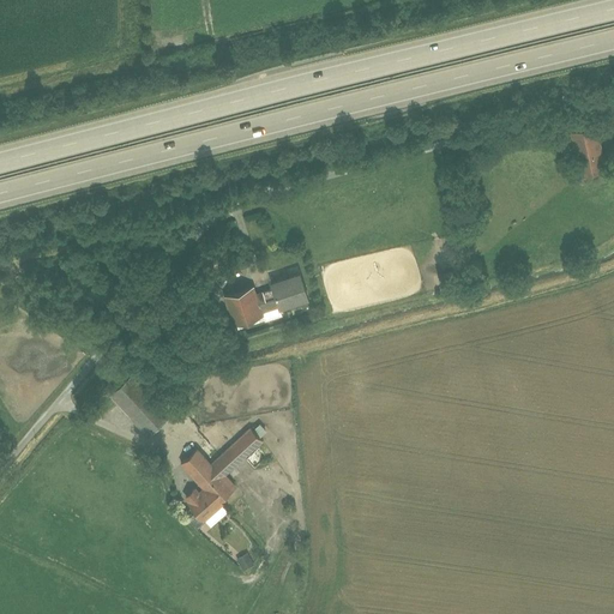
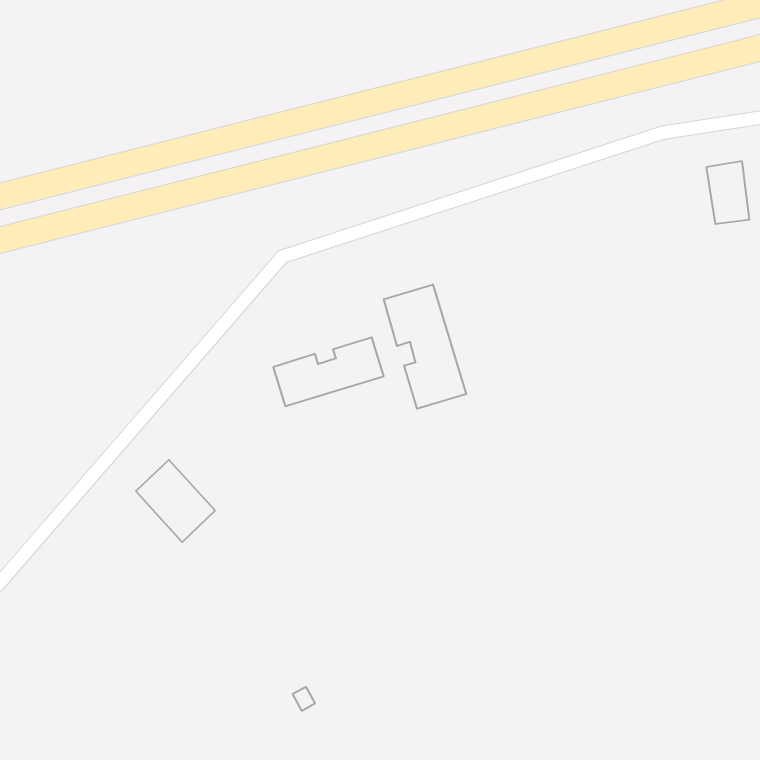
building: none -> [384,284,466,409]
building: [177,427,263,523] -> none

